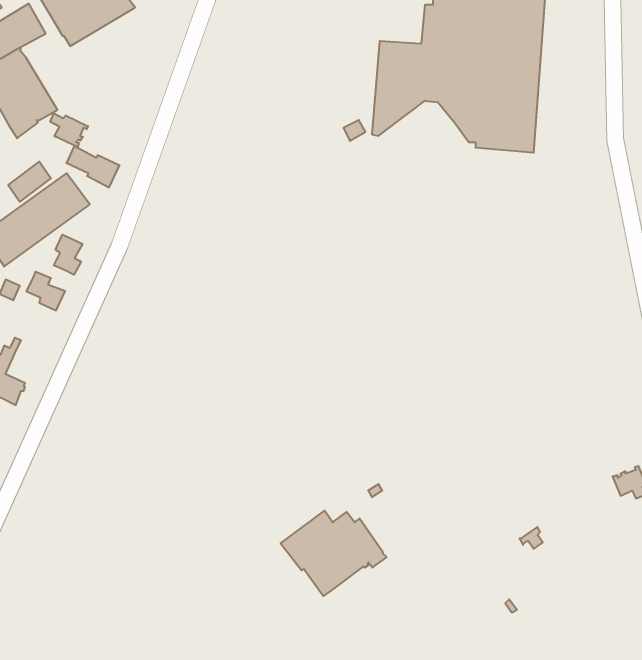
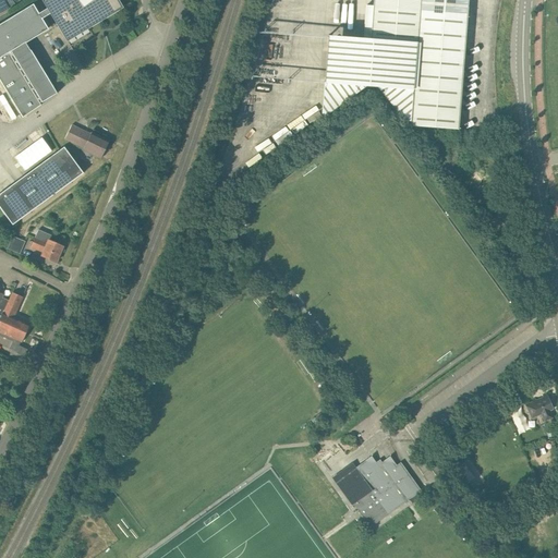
building: [50,113,88,147] -> none
building: [54,235,83,275] -> none
building: [281,511,387,596] -> [335,454,424,526]

